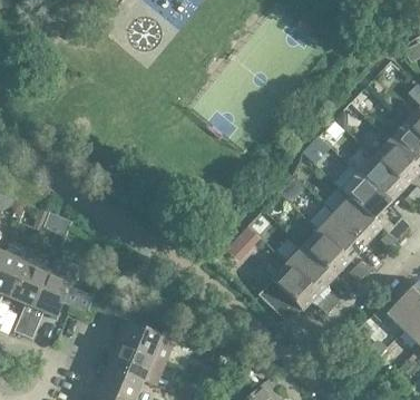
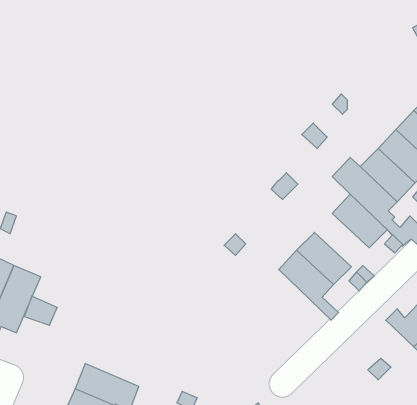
building: [318,213,365,260] -> none
building: [257,262,332,322] -> none
building: [117,321,176,364] -> none

